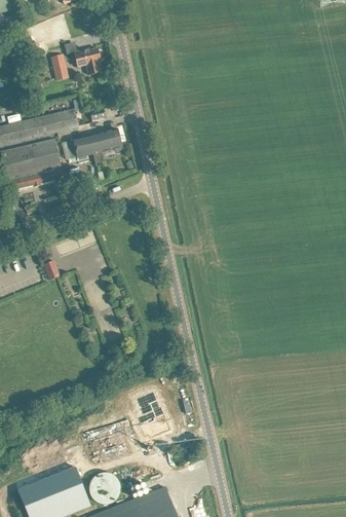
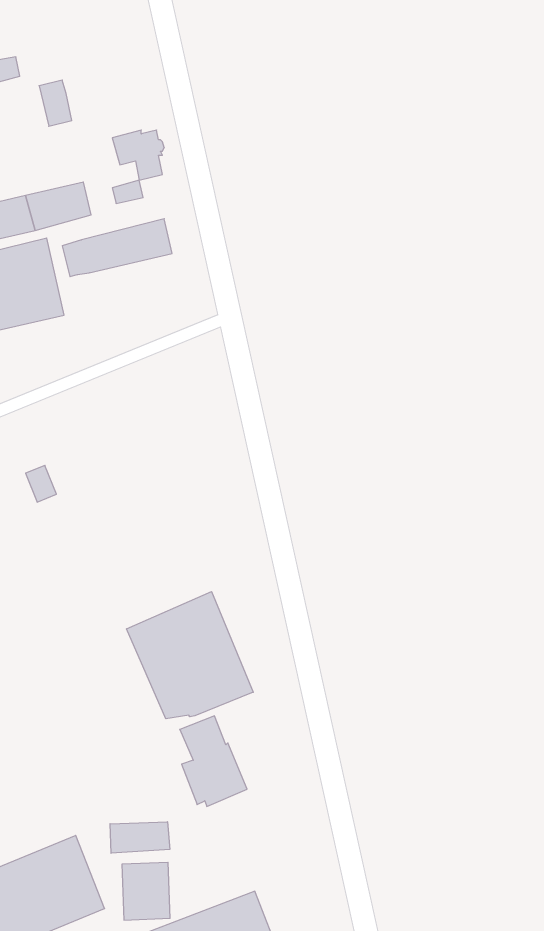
building: [75,48,103,75] -> [112,130,164,180]
building: none -> [127,592,253,719]
building: none -> [110,822,170,853]

